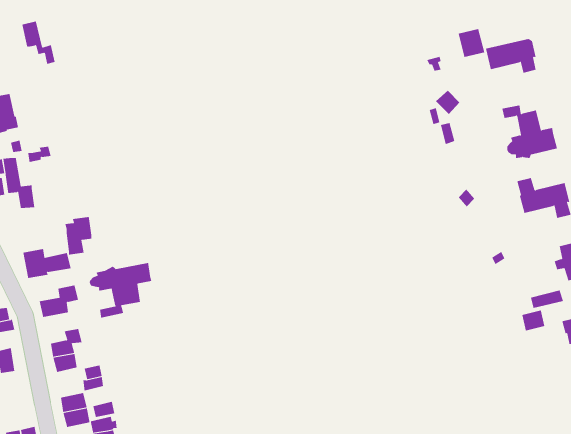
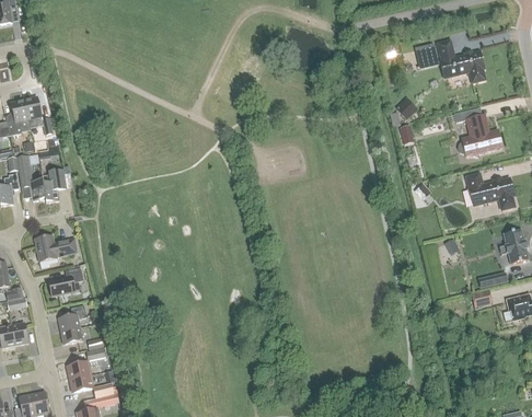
building: [22,21,55,65] -> [23,96,53,135]
building: [65,216,92,255] -> [42,169,66,202]
building: [89,262,152,318] -> none

